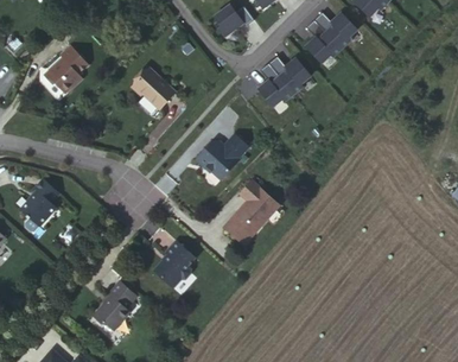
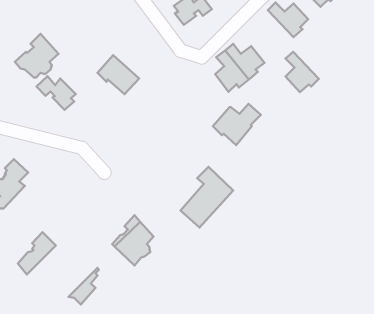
building: [305,19,341,62] -> [285,52,319,92]
building: none -> [37,76,76,110]
building: [196,136,247,180] -> [213,104,261,145]
building: [93,278,133,323] -> [18,232,56,275]

